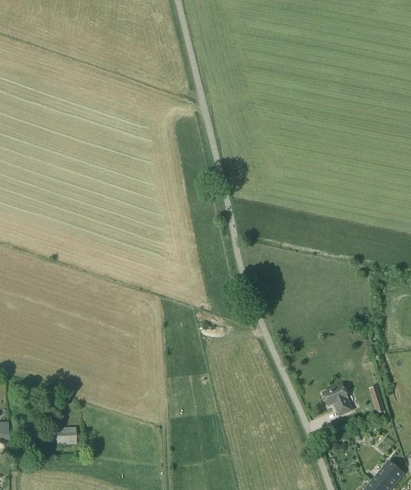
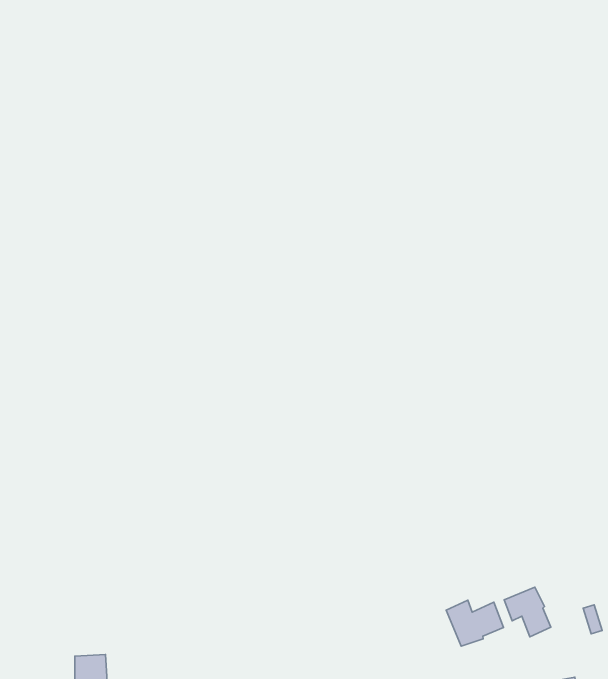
building: none -> [446,600,503,646]

